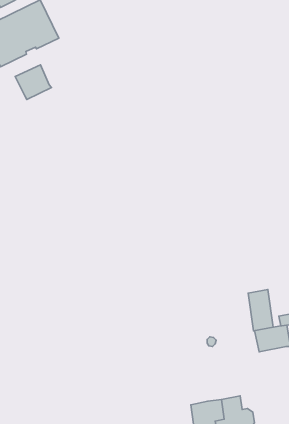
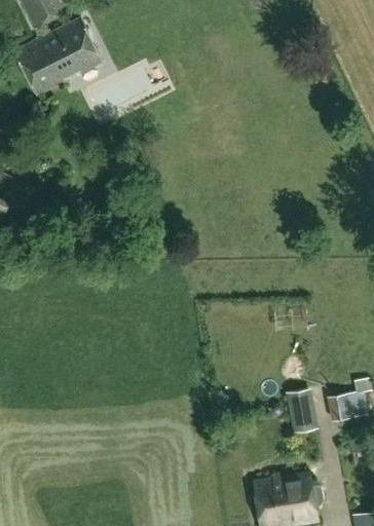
building: [15,65,52,100] -> none
building: [248,289,273,331] -> [287,386,315,434]

